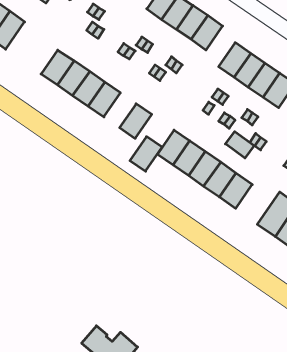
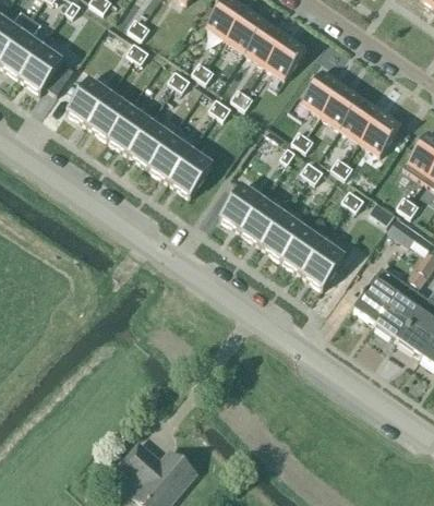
building: none -> [19,41,73,94]
building: [225,132,254,158] -> none
building: [130,137,162,171] -> [148,135,191,181]

